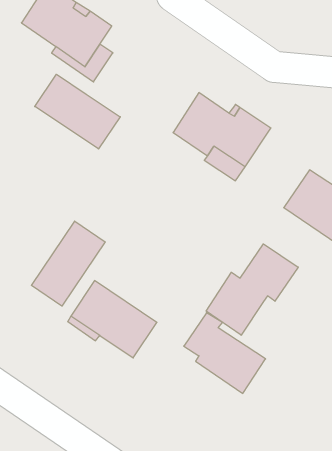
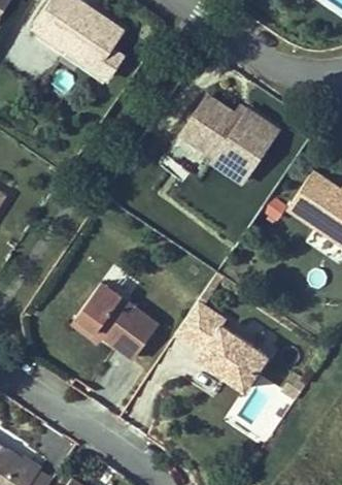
building: [35,74,120,149] -> none
building: [31,221,105,306] -> none
building: [206,244,298,335] -> none

